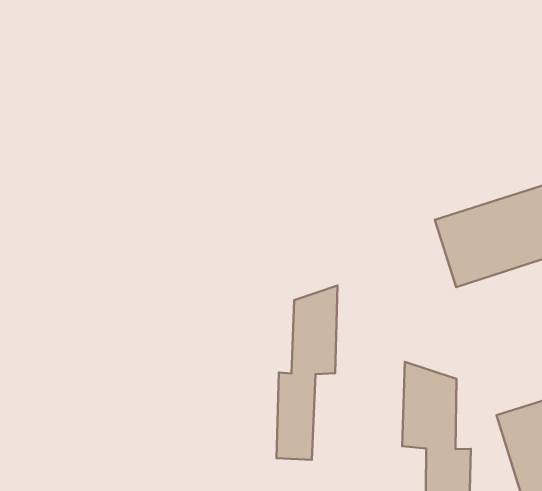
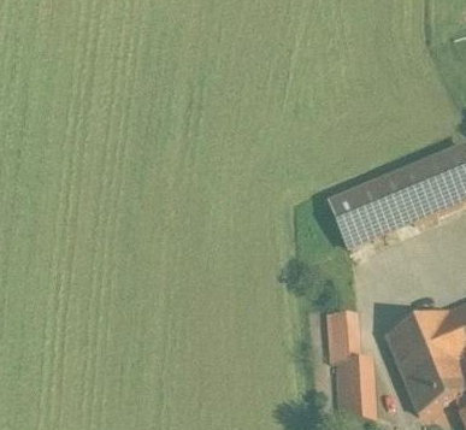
building: [276,286,337,460] -> none

